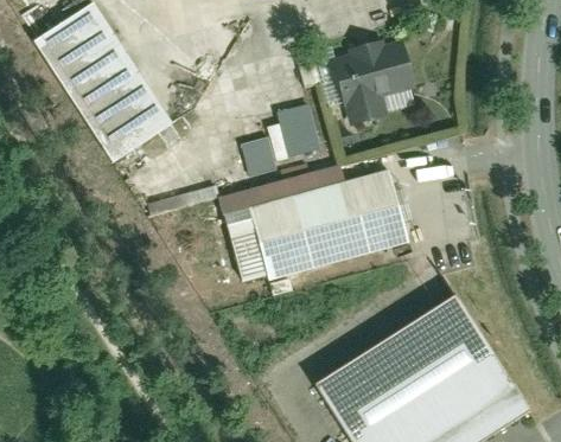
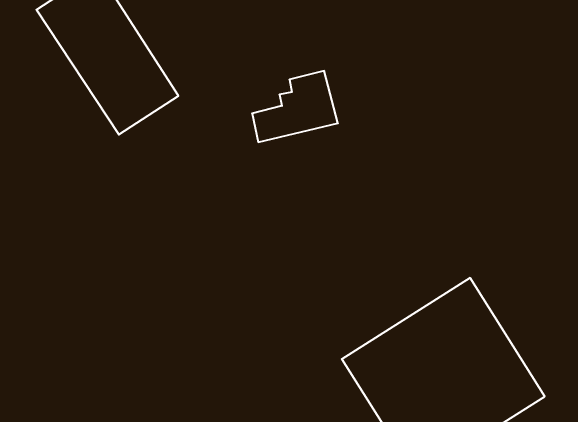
building: [336,44,412,121] -> none
building: [223,167,412,290] -> none

